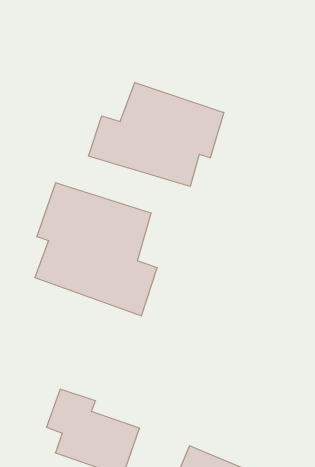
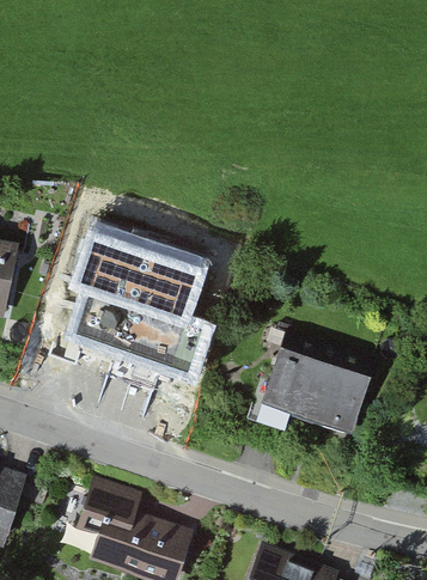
building: [89,82,224,186] -> none
building: none -> [256,340,361,432]

